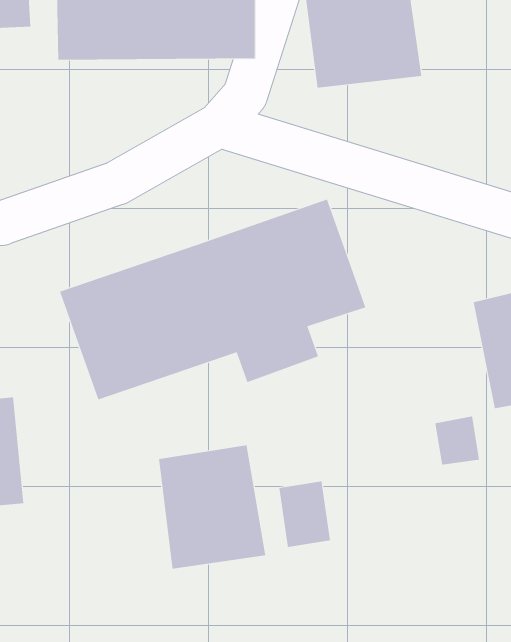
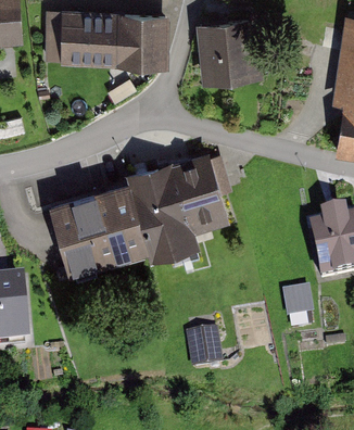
building: [159,444,266,570] -> none

